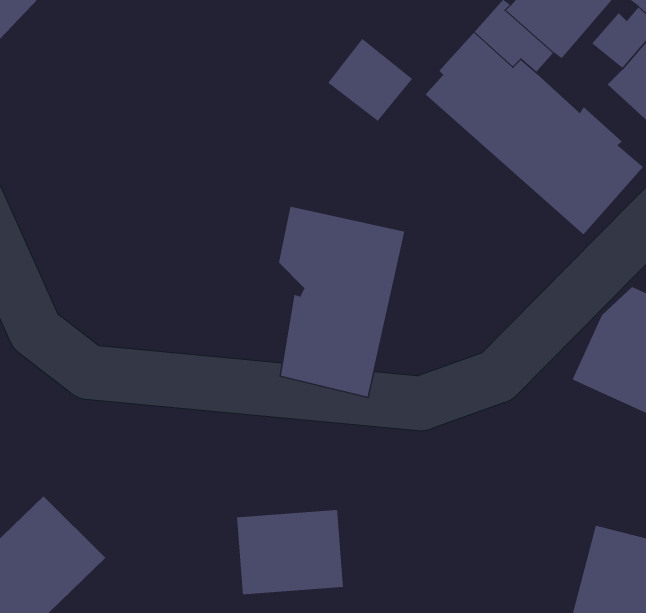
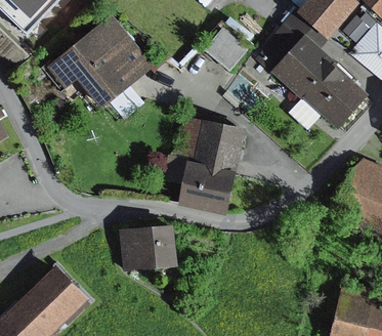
building: none -> [46,13,154,111]
building: [236,509,344,595] -> [119,226,175,271]

